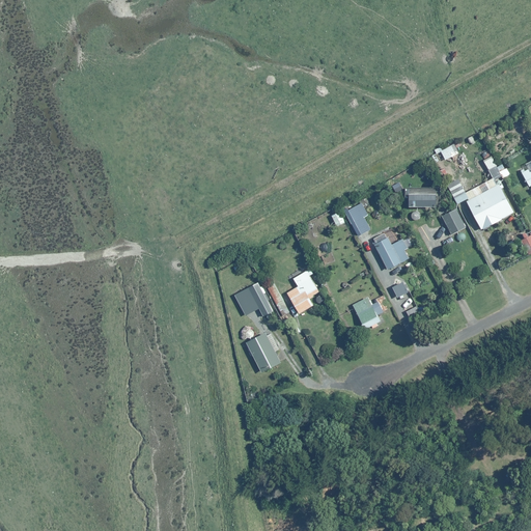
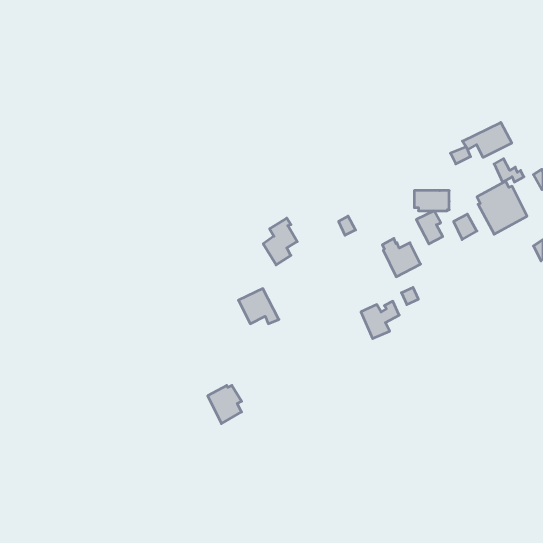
building: none -> [462,122,512,157]
building: [344,204,370,236] -> [416,211,443,244]
building: [286,269,319,314] -> [263,218,297,265]
building: [246,334,279,371] -> [208,385,242,424]

